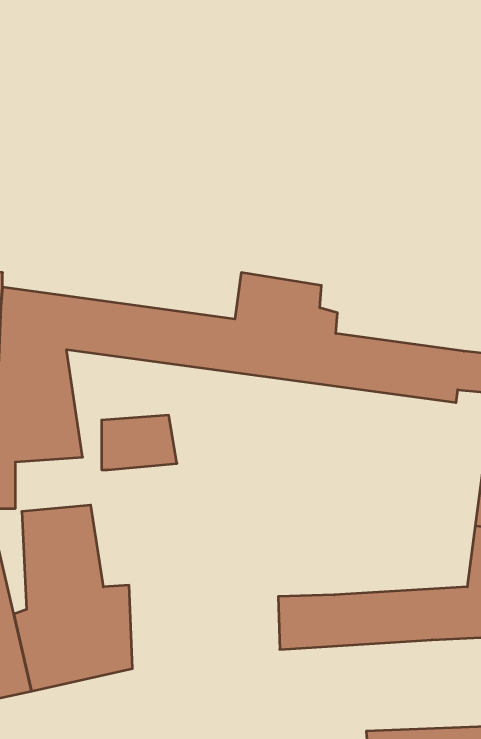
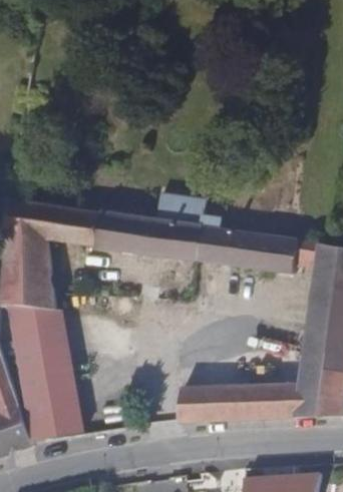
building: [102,415,177,470] -> [16,306,63,340]

